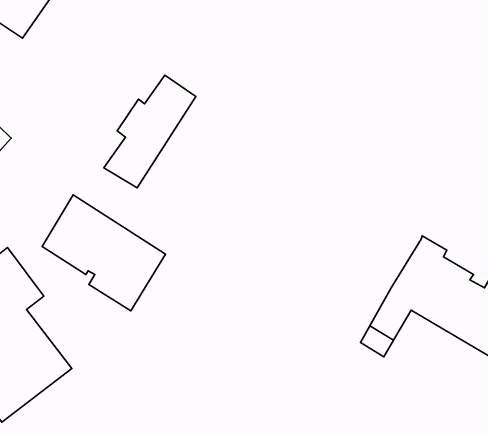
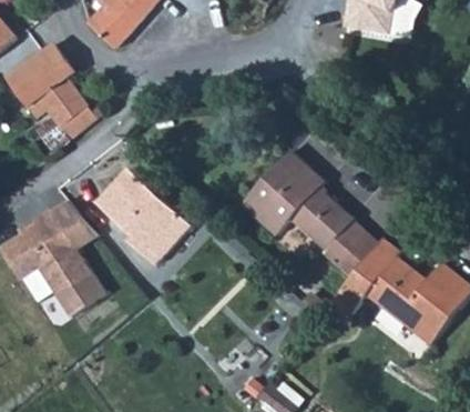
building: [104,75,196,188] -> none
building: none -> [247,147,381,273]

